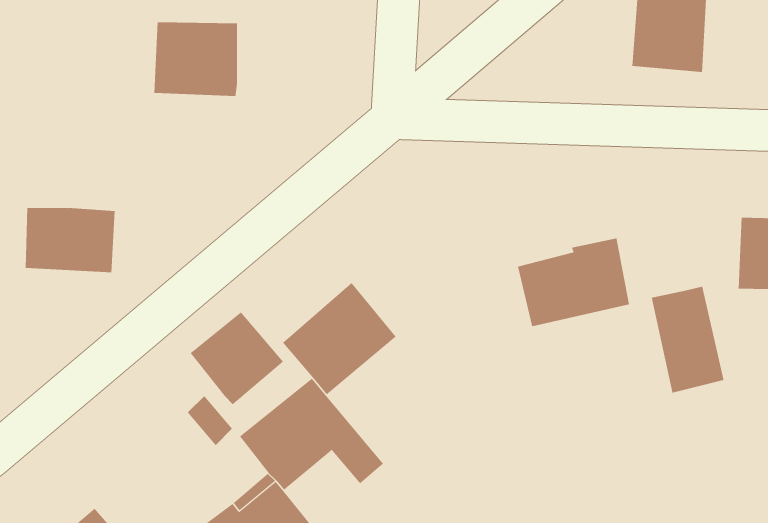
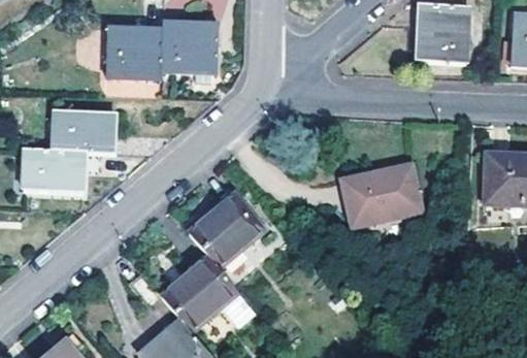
building: none -> [161,20,216,70]
building: none -> [51,107,112,152]
building: [651,286,724,394] -> none
building: [190,311,284,405] -> none

